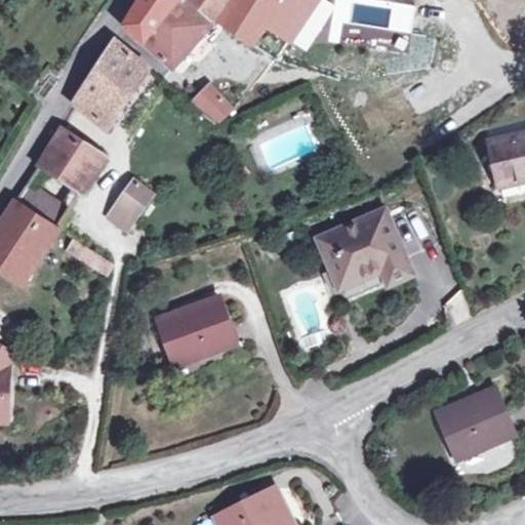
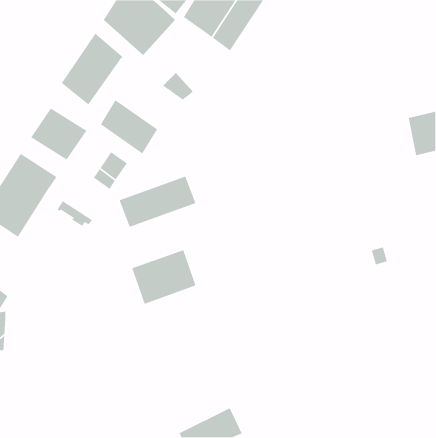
building: none -> [100,99,158,154]
building: none -> [118,176,196,228]
building: [319,212,410,286] -> none
building: [437,389,514,458] -> none

